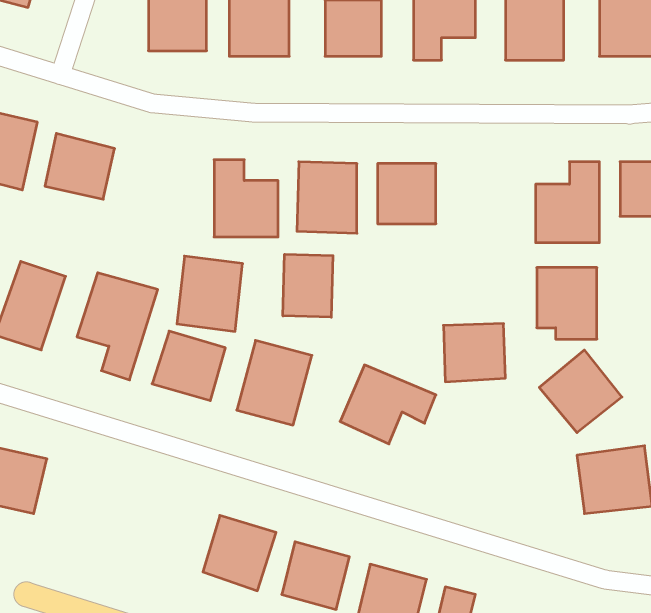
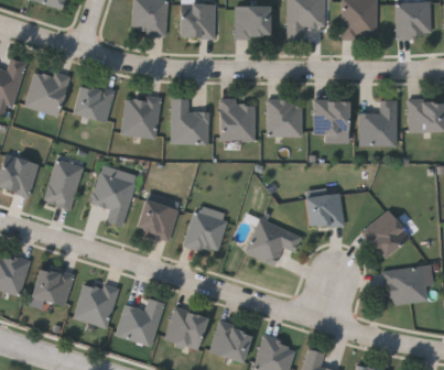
building: [283,254,333,317] -> none
building: [177,256,243,331] -> [121,94,160,138]
building: [537,268,597,339] -> [313,100,348,142]
building: none -> [73,280,117,327]
building: none -> [115,297,164,346]

